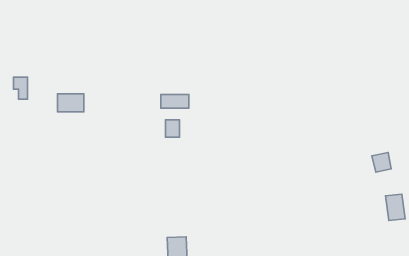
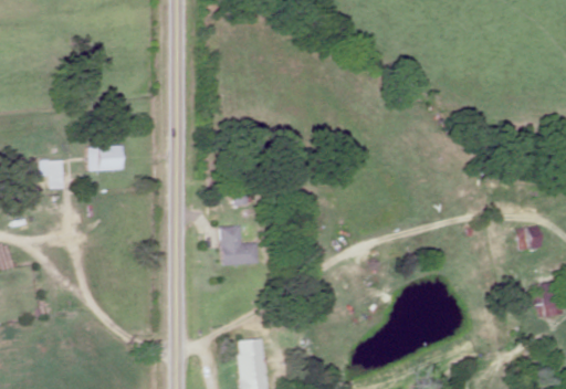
building: [13,77,27,99] -> [44,160,63,190]
building: [161,95,189,108] -> none
building: none -> [222,225,259,265]

